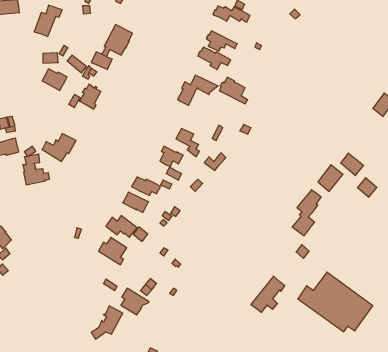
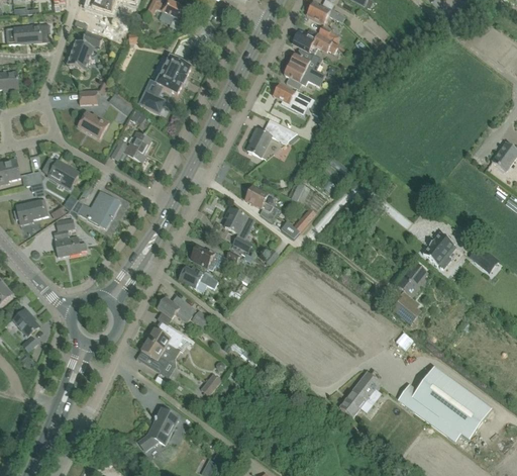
building: [219,77,248,104] -> [290,46,325,80]
building: none -> [43,157,80,189]
building: [341,153,363,176] -> none
building: [121,288,149,315] -> [140,340,176,373]

